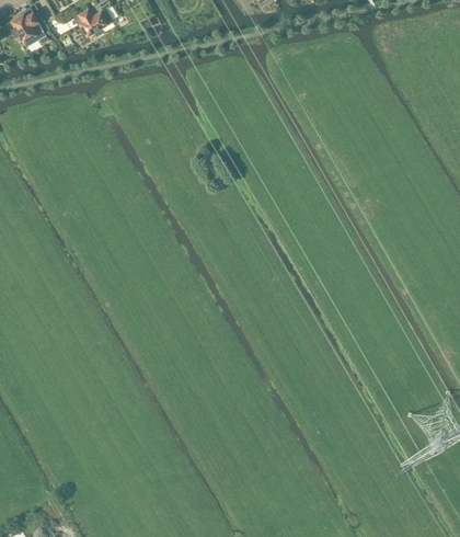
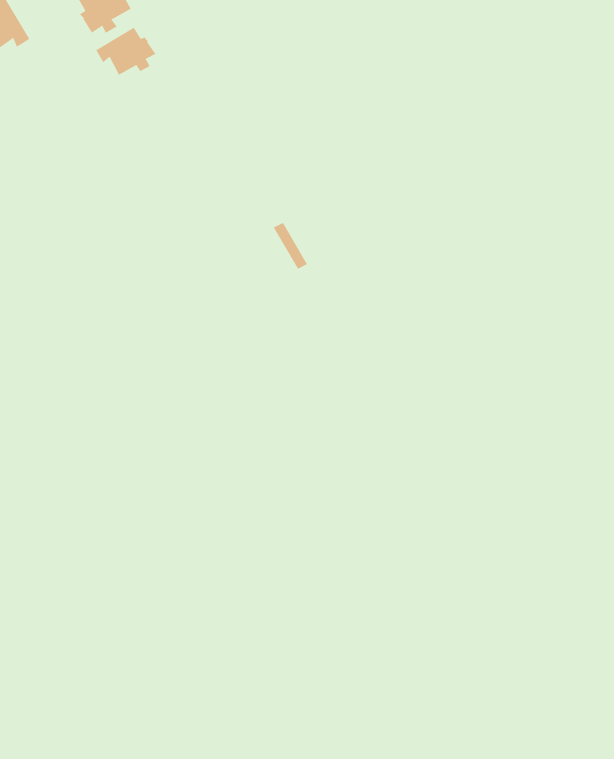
building: none -> [96,27,156,76]

